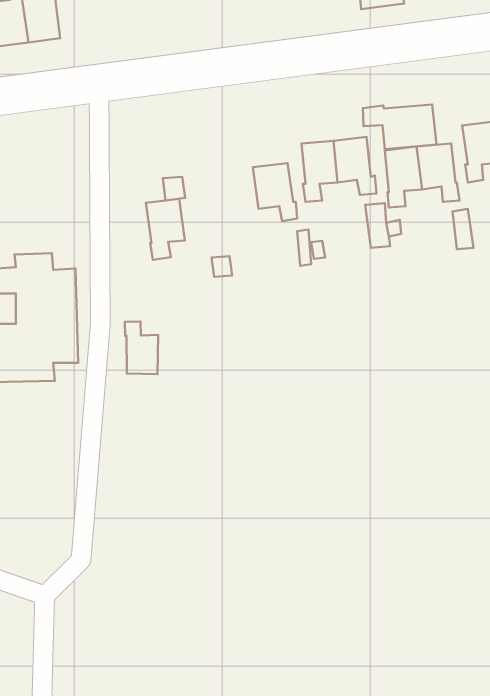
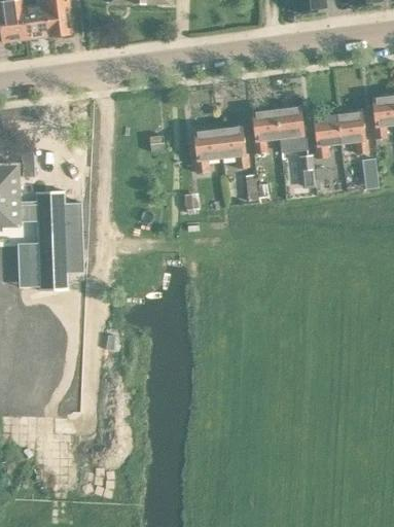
building: [363,105,437,149] -> none
building: [146,199,185,260] -> [190,128,219,173]
building: [125,321,158,374] -> none

